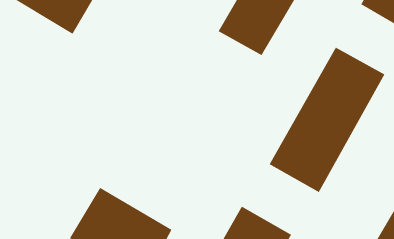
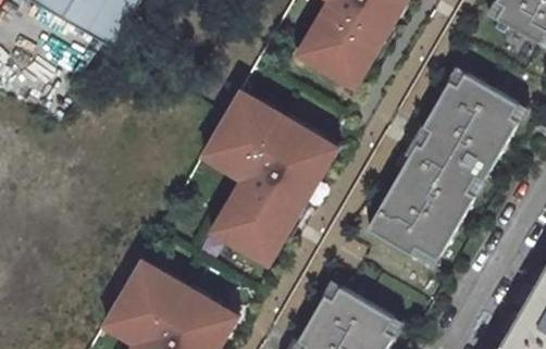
building: none -> [206,91,338,264]

